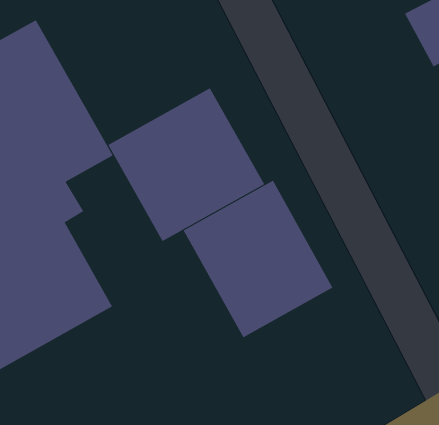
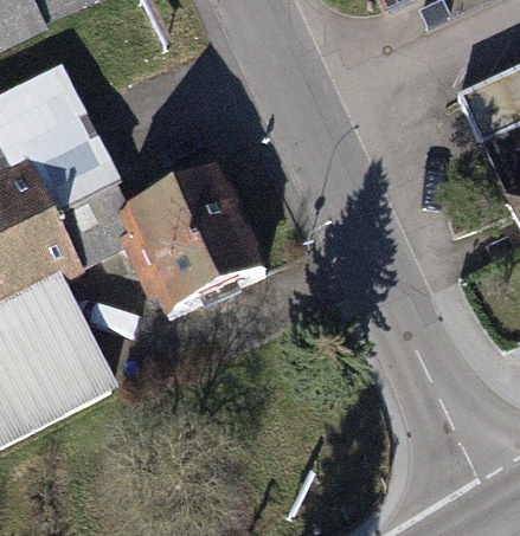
building: [183,180,333,338] -> none

